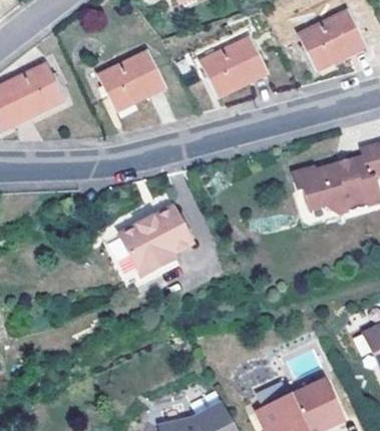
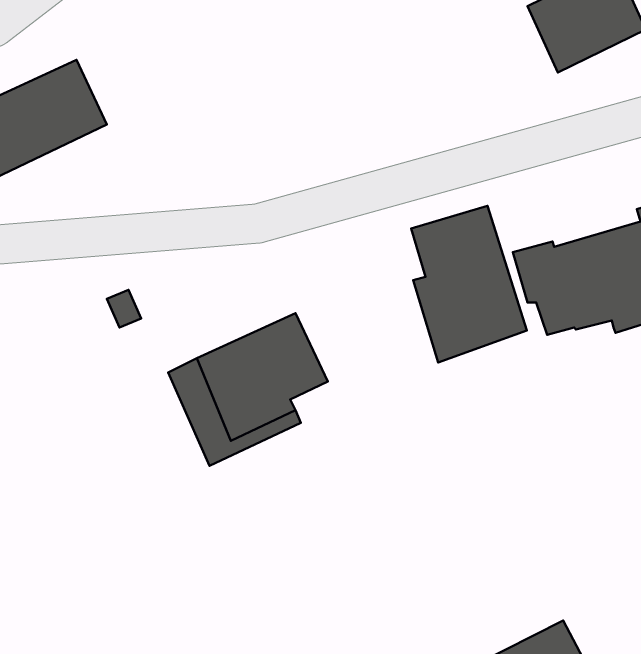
building: [200,35,268,96] -> none
building: [99,49,166,110] -> none
building: none -> [411,206,527,363]

